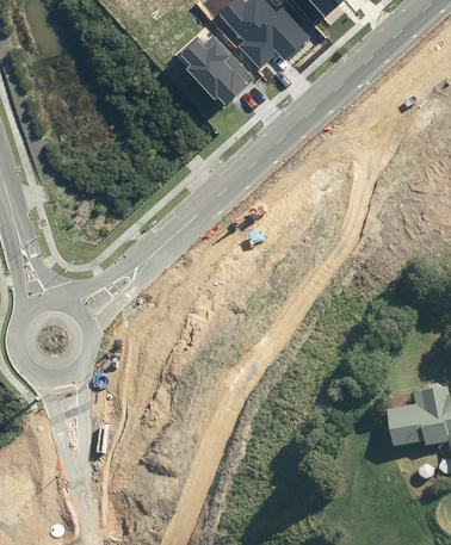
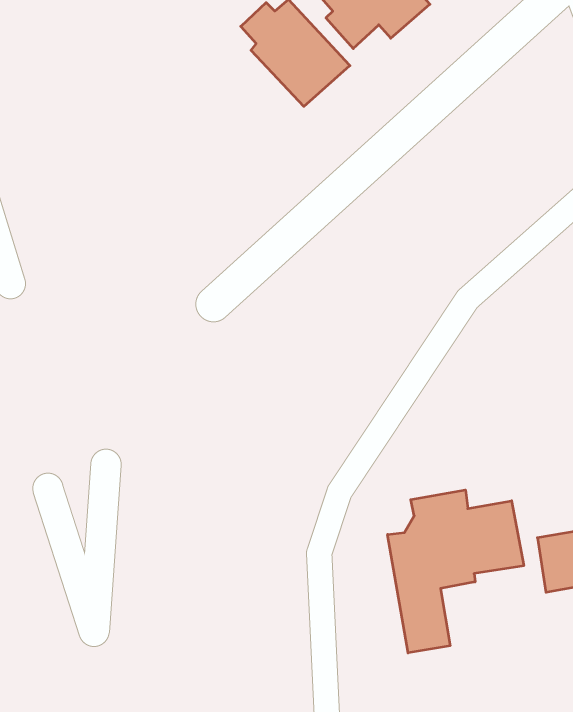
building: none -> [388,490,524,653]

